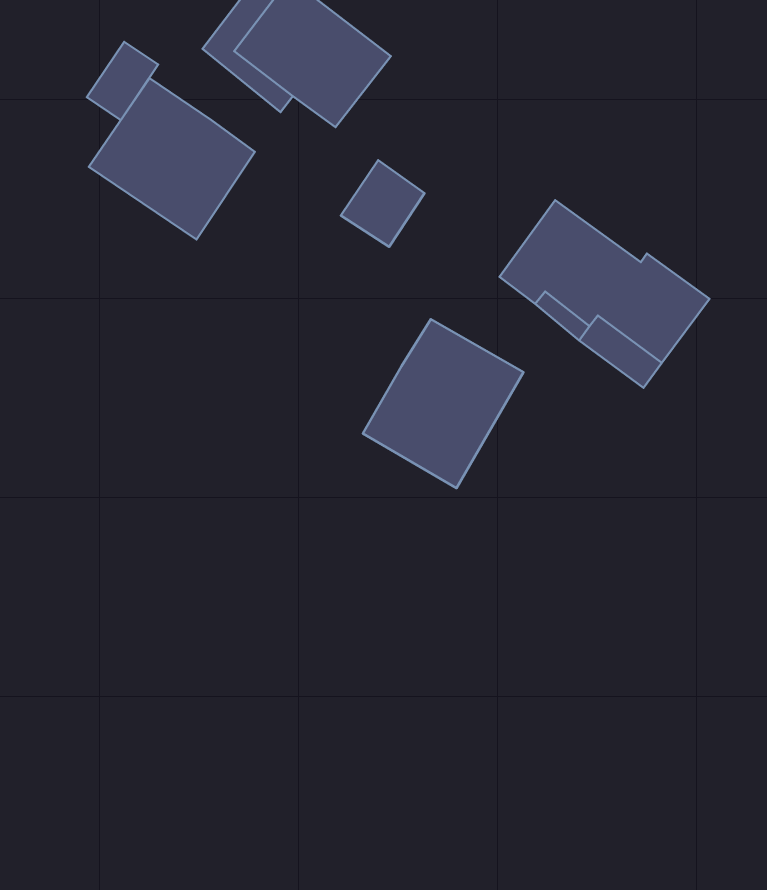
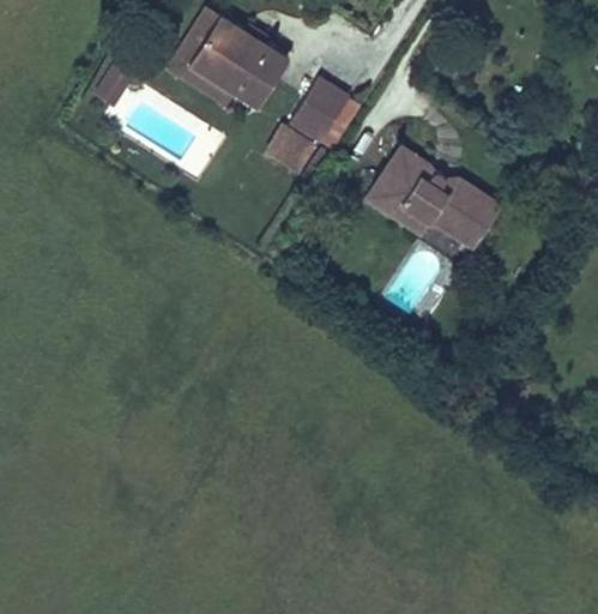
building: [89,78,255,239] -> none
building: none -> [290,79,350,145]
building: [363,319,523,488] -> none

